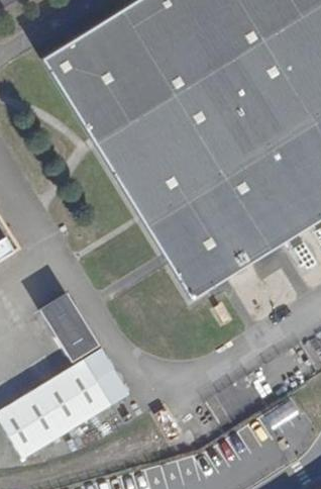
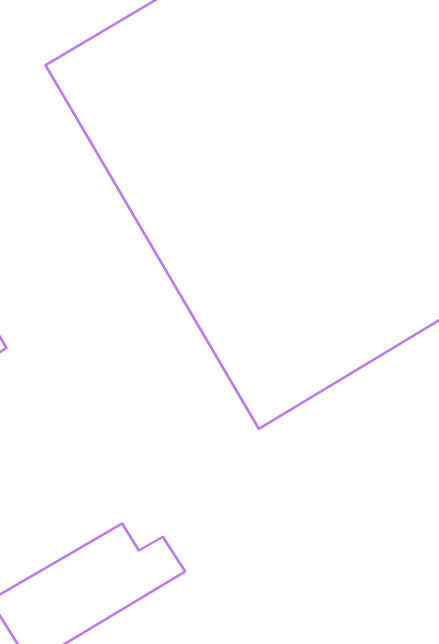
building: [44,298,99,360] -> none

